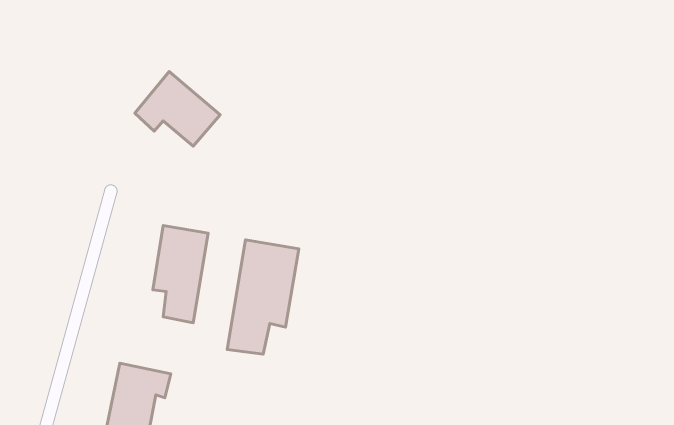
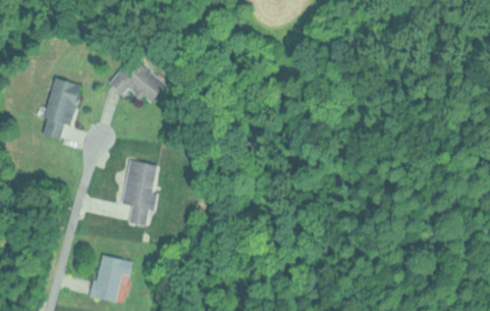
building: none -> [41,79,79,141]
building: [227,240,299,354] -> none

